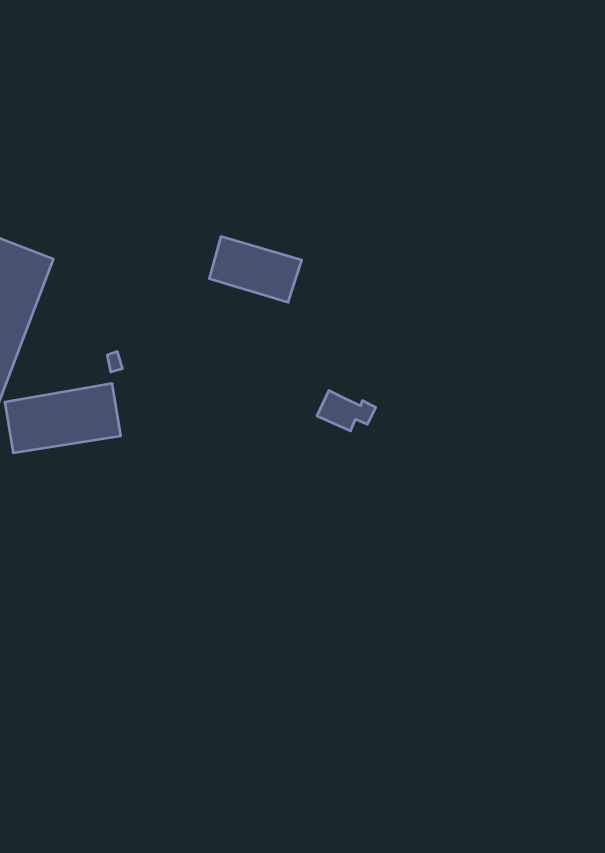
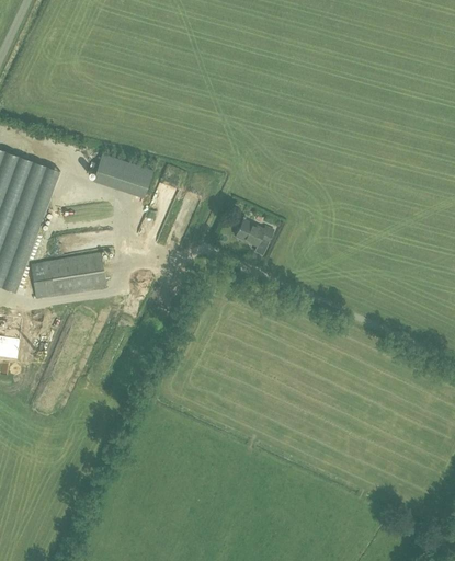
building: [209,237,302,302] -> [94,152,155,195]
building: [317,391,376,431] -> [234,220,272,247]

